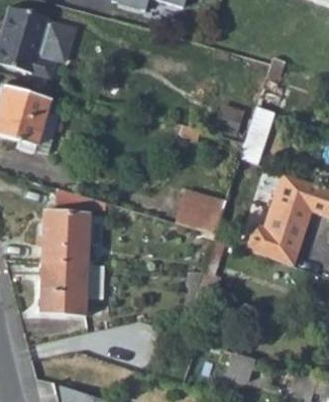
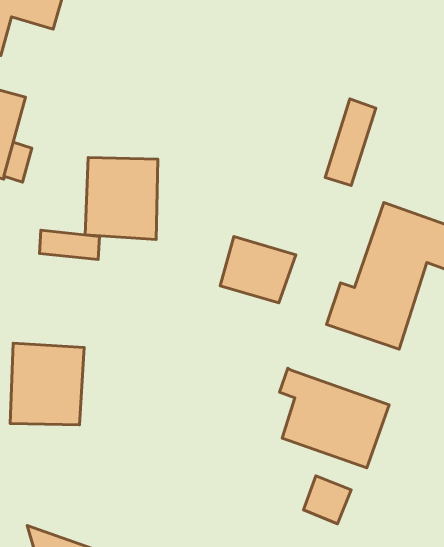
building: [41,210,89,263] -> [85,158,158,239]
building: none -> [280,368,389,468]

